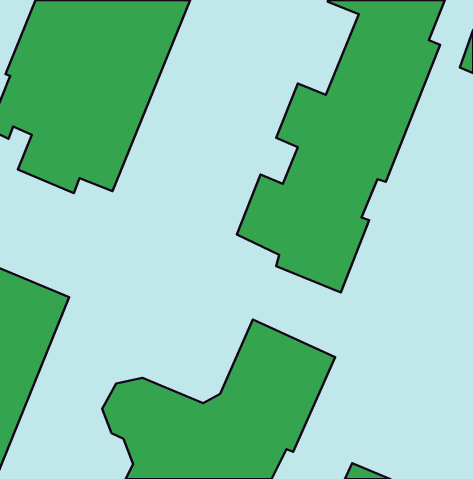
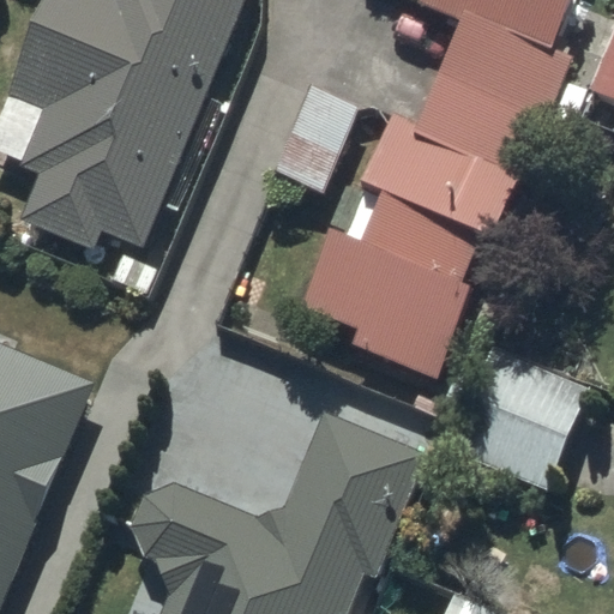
building: none -> [451,353,584,489]

